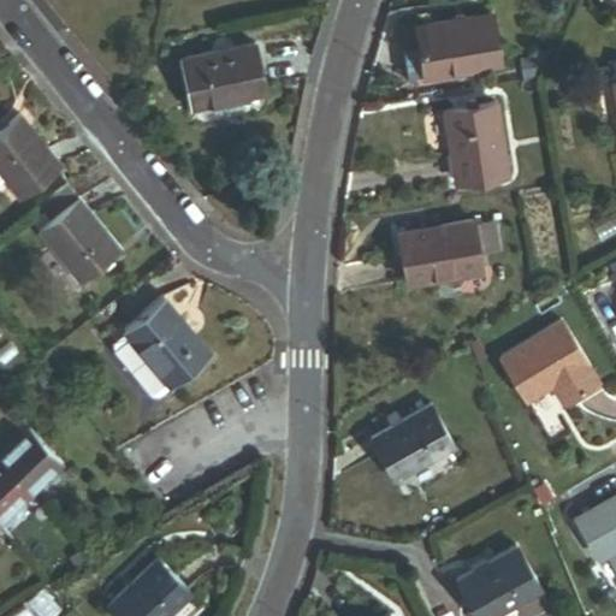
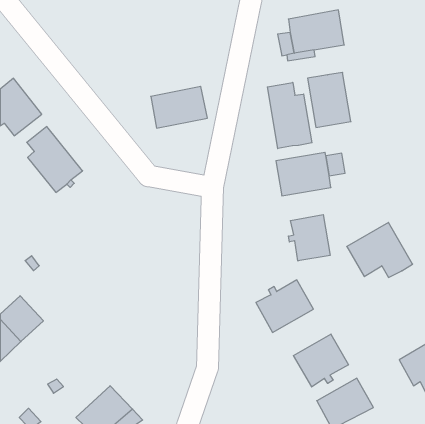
building: [183,47,265,107] -> [151,86,207,128]
building: none -> [267,82,312,149]
building: [112,297,211,398] -> none
building: none -> [288,215,330,261]
building: none -> [293,334,348,387]

